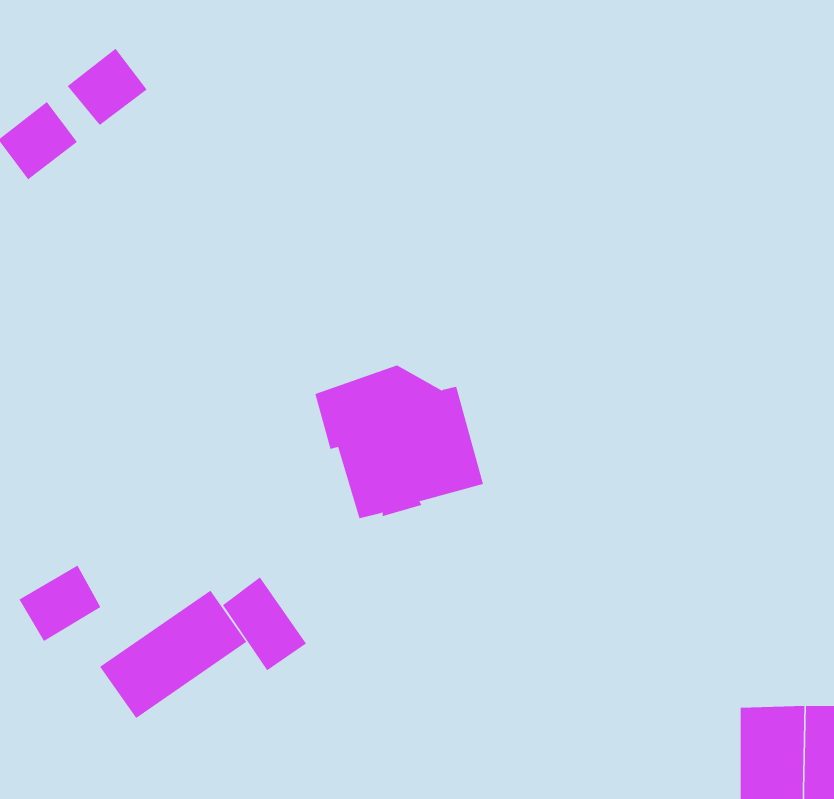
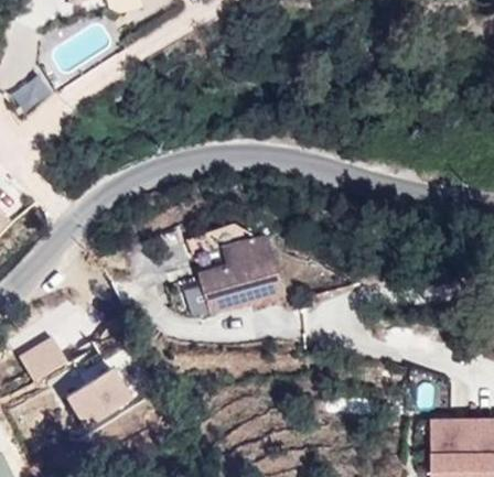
building: [67,48,148,126] -> none
building: [222,577,307,671] -> none

